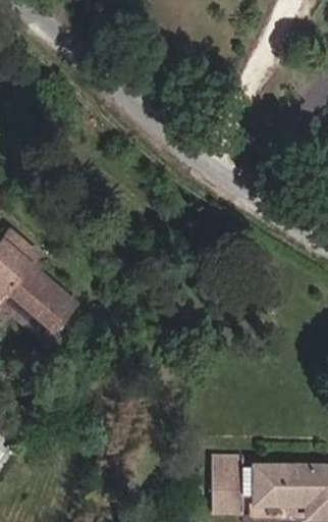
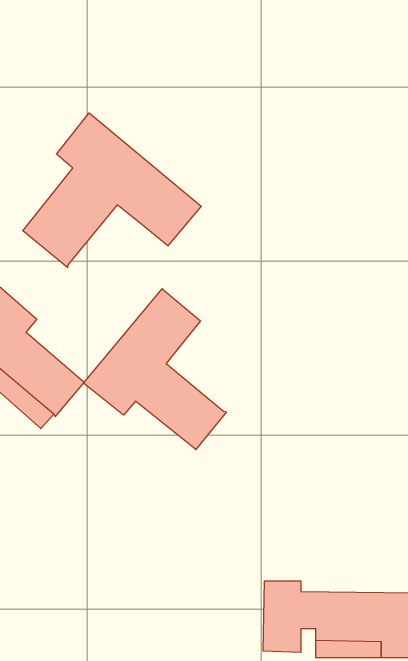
building: none -> [23,113,201,268]
building: none -> [84,289,227,450]

